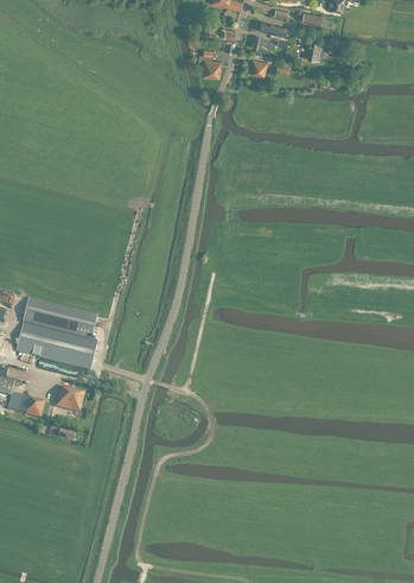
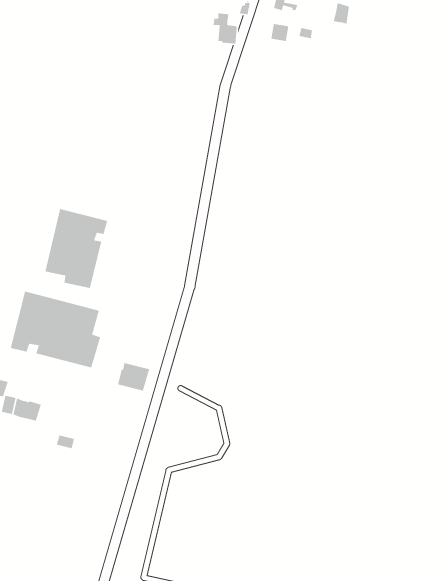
building: none -> [44,208,108,289]
building: [55,386,84,412] -> [117,362,150,391]

